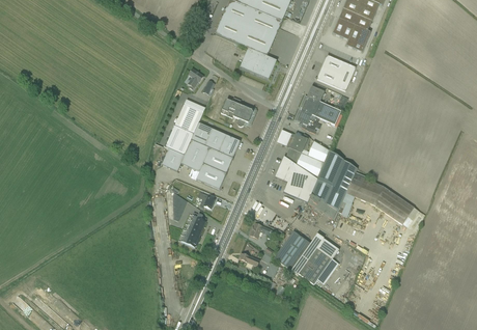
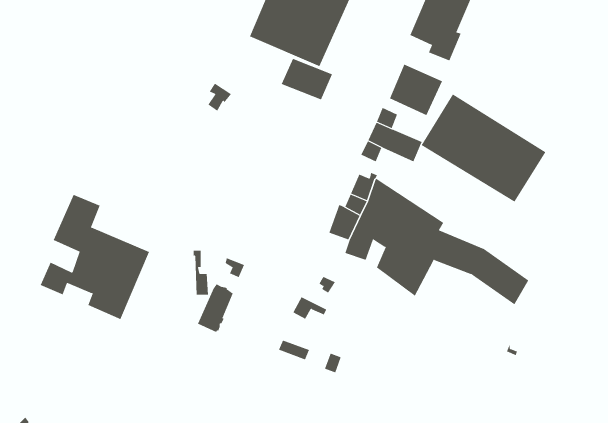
building: none -> [421,94,546,202]
building: [220,95,256,125] -> none
building: [162,98,241,188] -> [40,194,150,320]
building: [274,229,330,283] -> none

